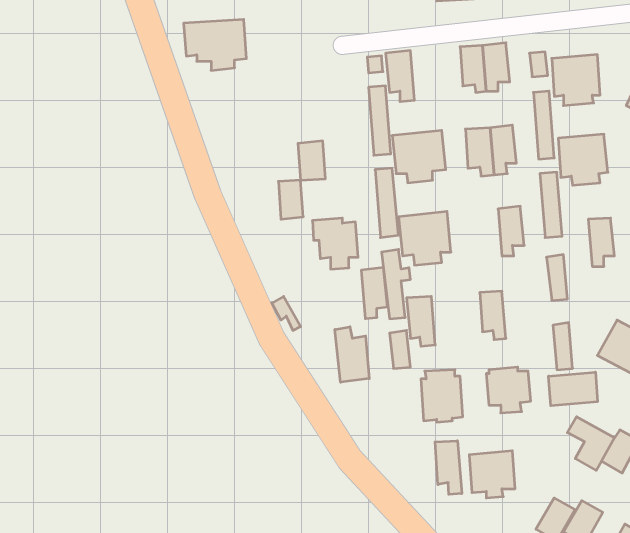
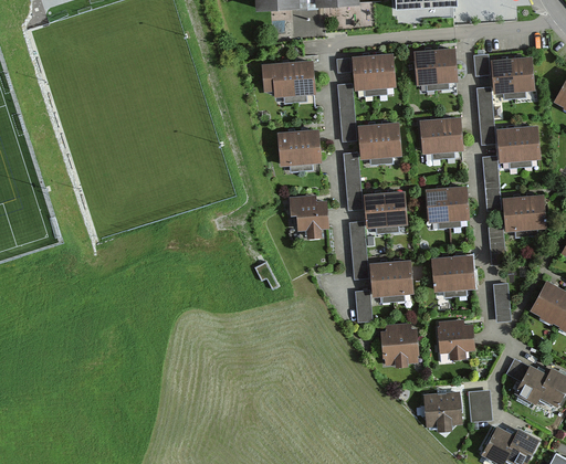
building: [184,19,246,70] -> [262,59,315,102]
building: none -> [373,52,395,95]
building: [278,180,303,219] -> [298,128,319,161]
building: none -> [426,187,450,228]
building: none -> [503,196,526,236]
building: [361,268,387,319] -> [390,259,412,302]
building: none -> [450,254,474,296]
building: [335,327,369,382] -> none
building: [549,372,597,406] -> none
building: [435,441,462,494] -> none
building: none -> [467,390,492,422]

